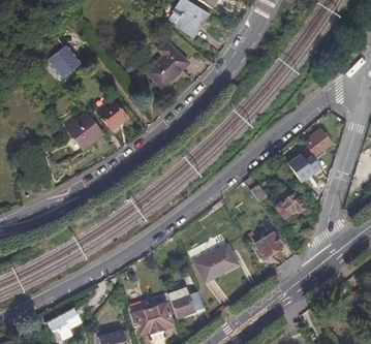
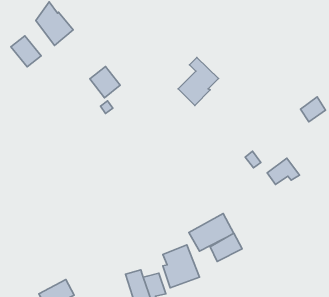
building: [145,42,185,90] -> [178,58,219,106]
building: none -> [11,36,41,67]
building: [65,111,101,148] -> none
building: [287,152,321,182] -> none
building: [257,230,289,258] -> [210,233,242,262]

